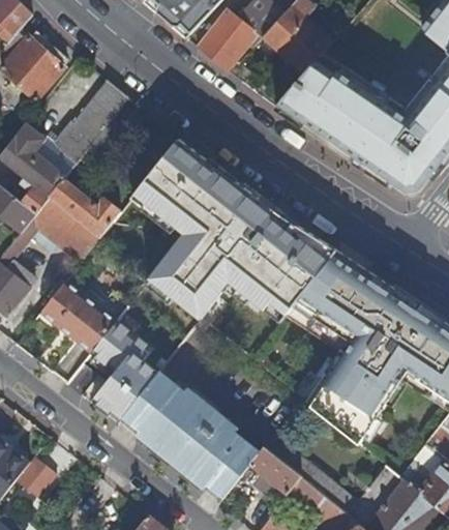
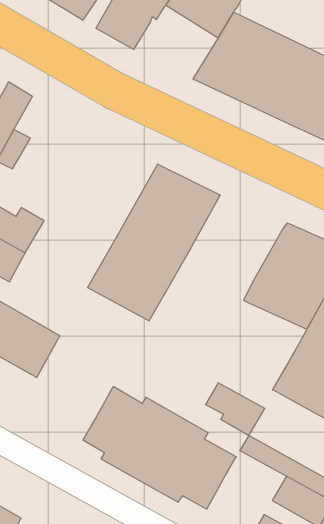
building: [131,139,231,237] -> none
building: [224,215,334,322] -> none
building: [81,318,157,422] -> none
building: [247,448,300,500] -> [206,383,265,435]

